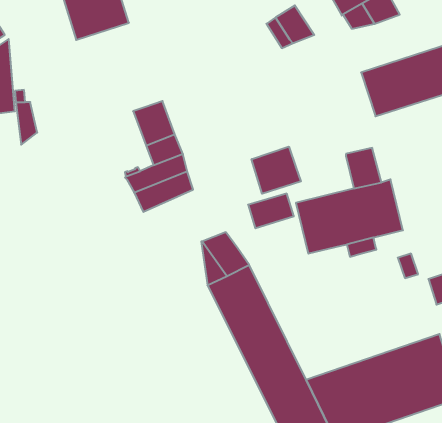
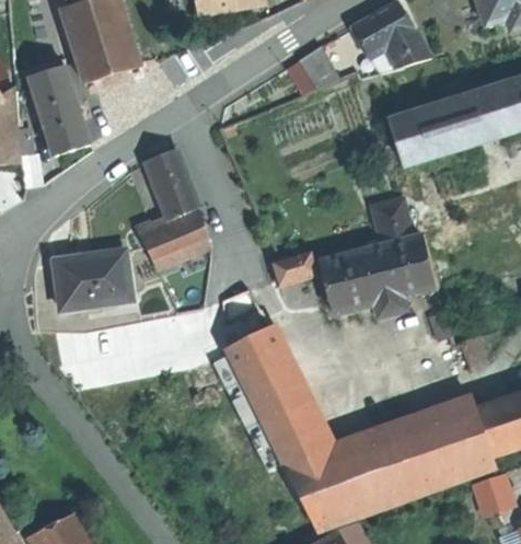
building: none -> [27,63,90,154]
building: [252,147,301,194] -> none
building: none -> [54,250,130,306]

